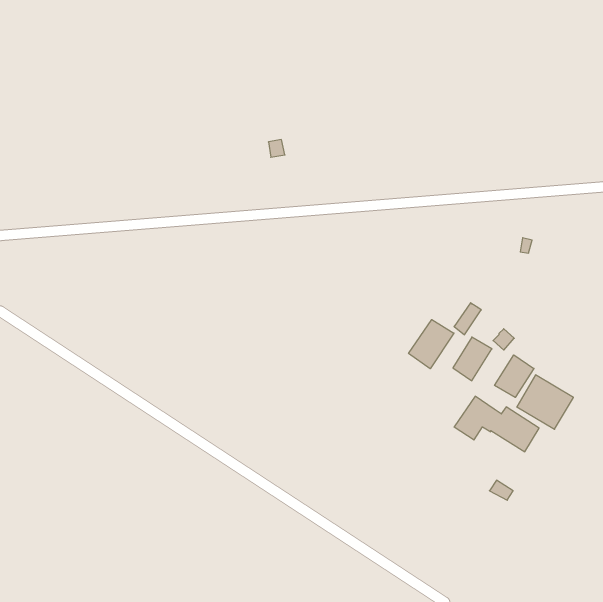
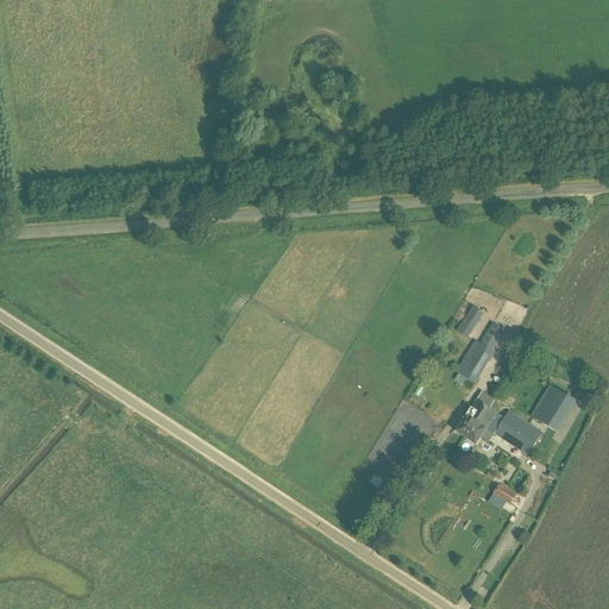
building: [409,320,454,369] -> none
building: [495,355,534,397] -> none

